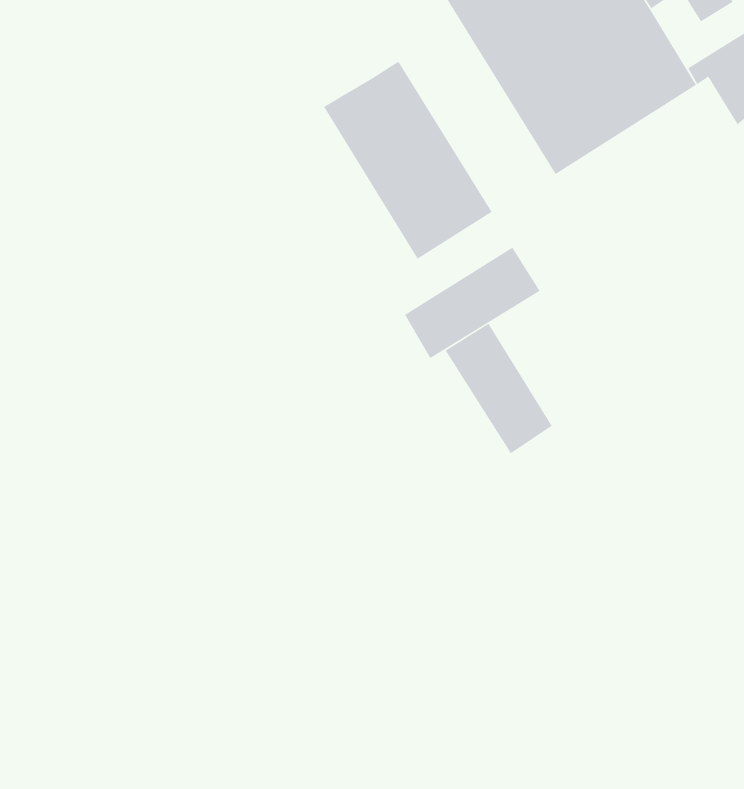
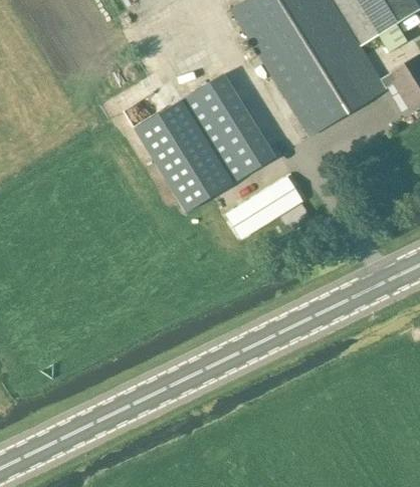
building: none -> [134,99,234,213]
building: [445,323,553,454] -> none

